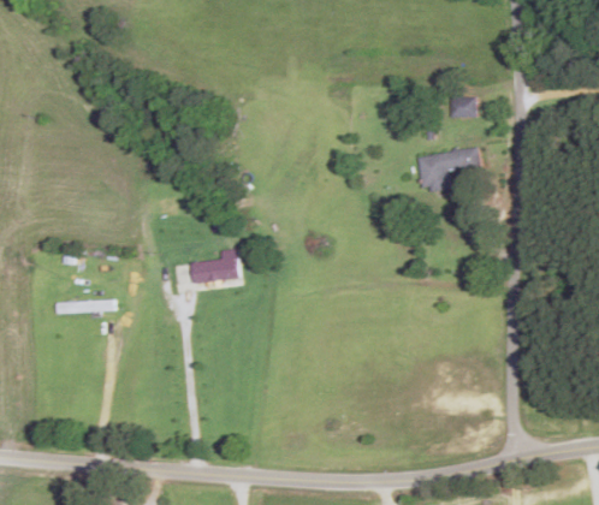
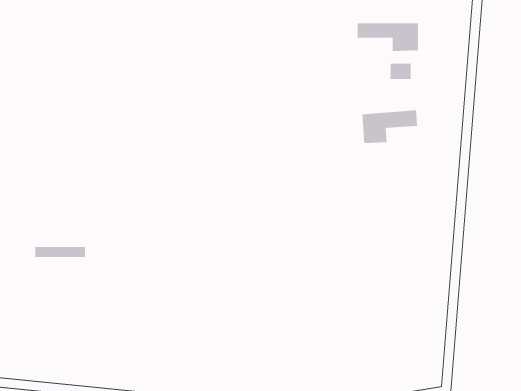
building: none -> [357,23,419,52]
building: [192,259,239,281] -> none

